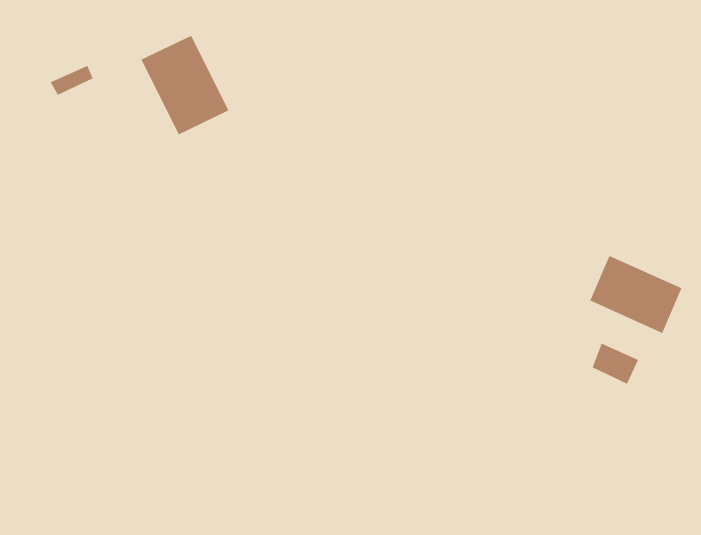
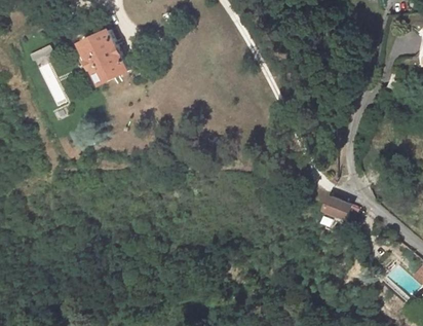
building: [589,255,682,334] -> none

